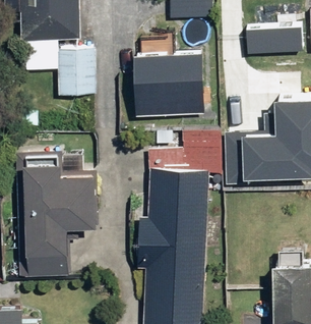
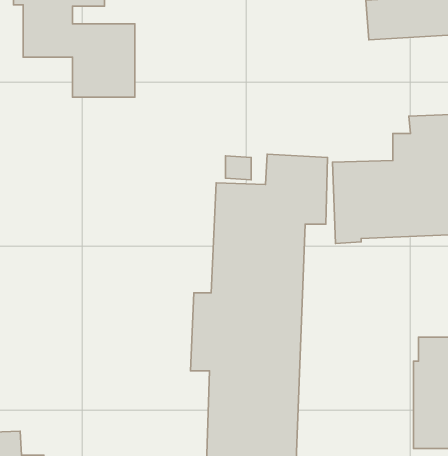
building: [135,52,204,113] -> none
building: [27,159,96,252] -> none

